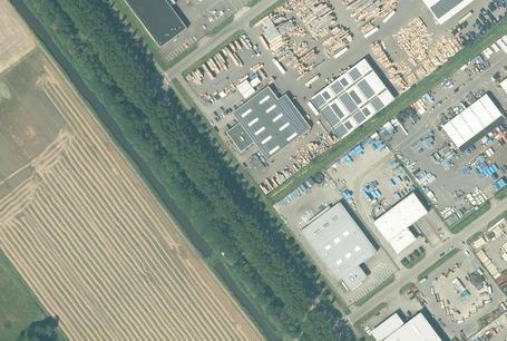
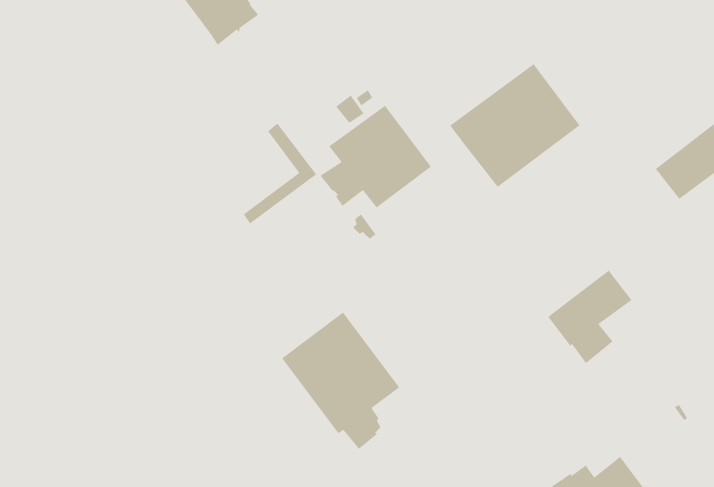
building: [263,92,311,158] -> [243,123,317,225]
building: [300,201,377,290] -> [281,311,400,450]

